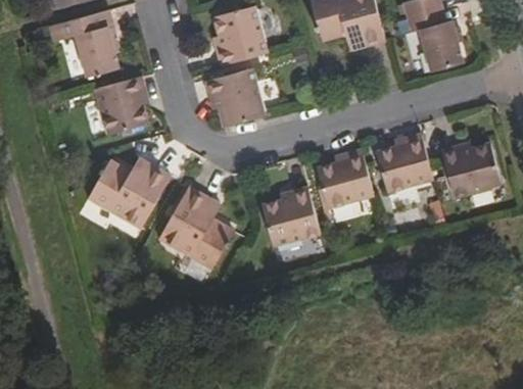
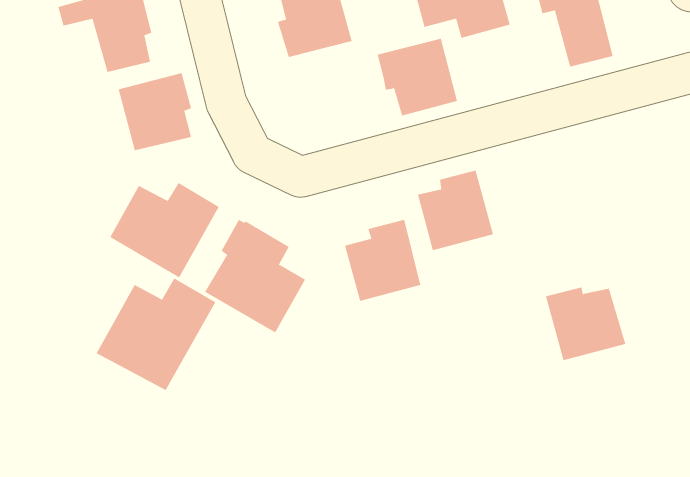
building: [205,67,266,126] -> [377,38,458,116]
building: [376,132,434,192] -> none
building: [441,142,502,197] -> [545,287,626,361]
building: none -> [96,277,216,391]

